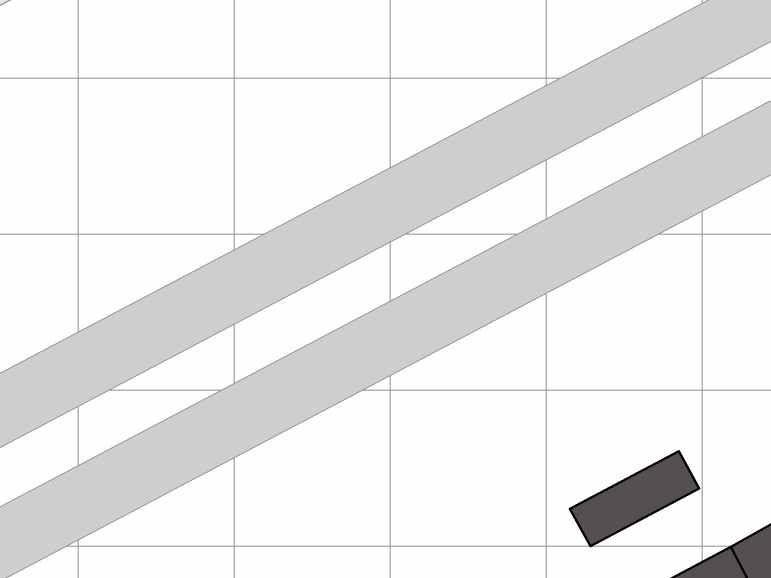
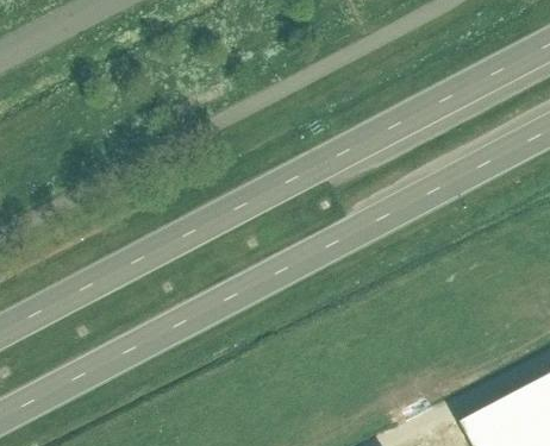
building: [570,451,699,546] -> none

